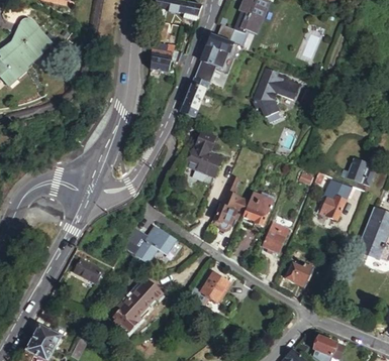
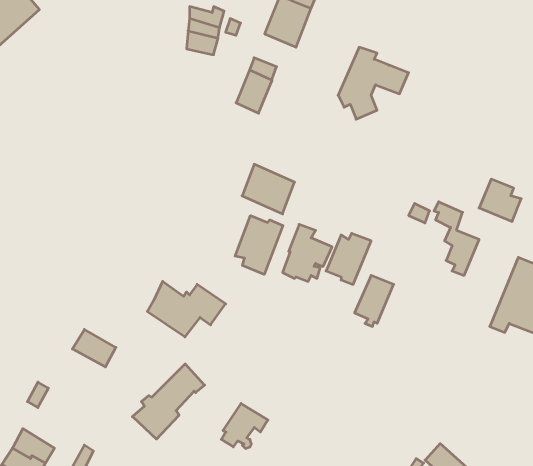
building: none -> [235,216,283,274]
building: [285,264,313,288] -> none
building: [200,272,231,303] -> [221,403,268,448]

